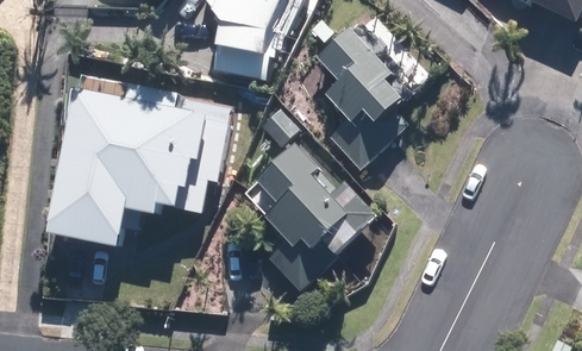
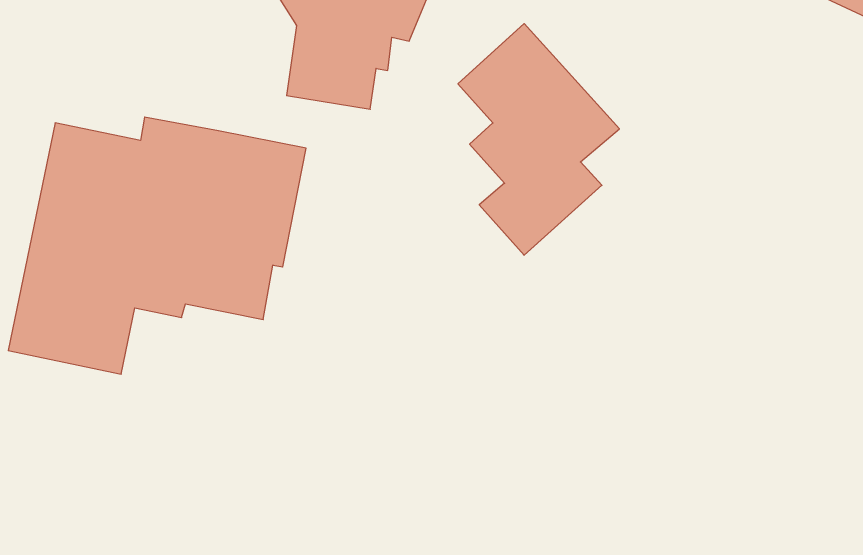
building: [256,144,376,288] -> none

